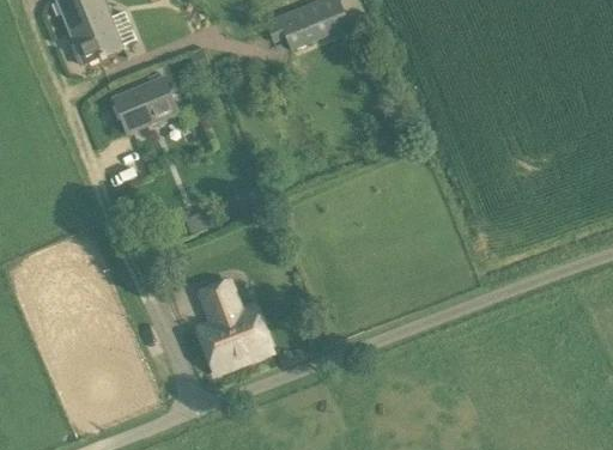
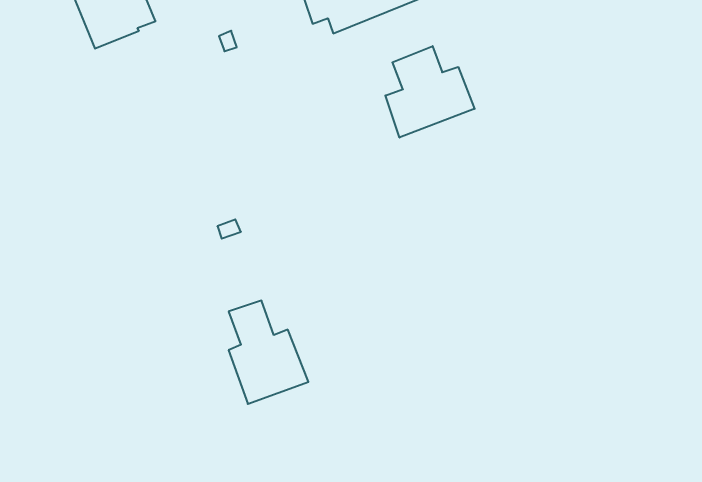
building: none -> [385,46,475,138]
building: [113,80,176,134] -> none

